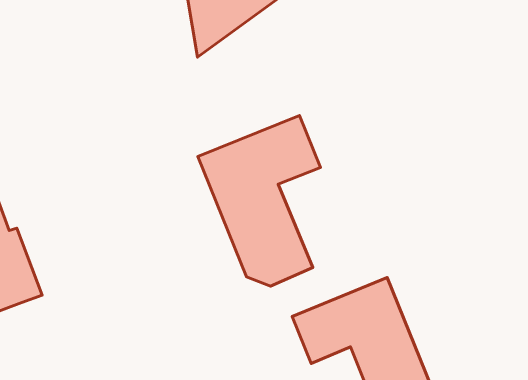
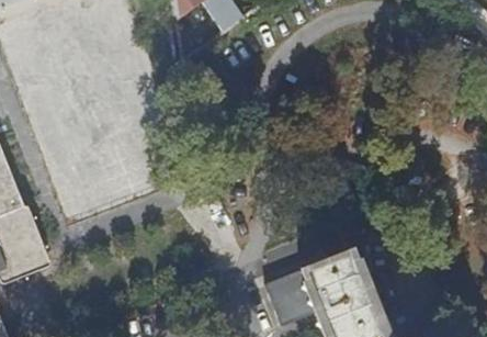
building: [198,116,321,286] -> none

